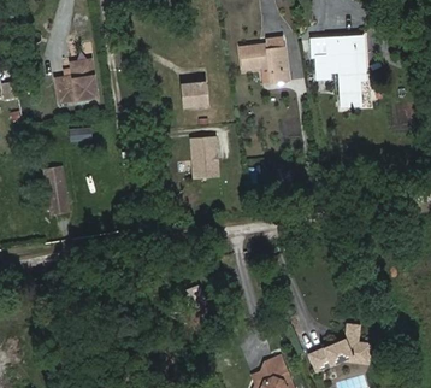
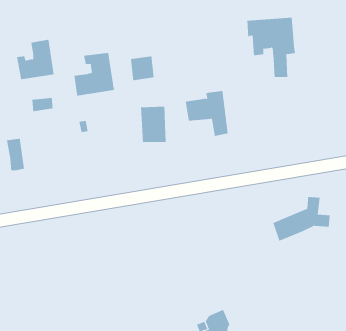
building: [237,36,285,87] -> [185,91,229,137]
building: none -> [74,52,114,96]
building: [311,325,374,375] -> [272,196,331,241]

